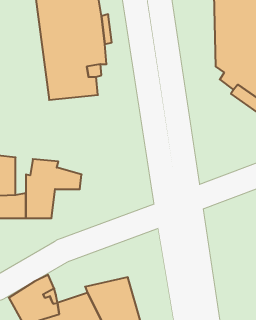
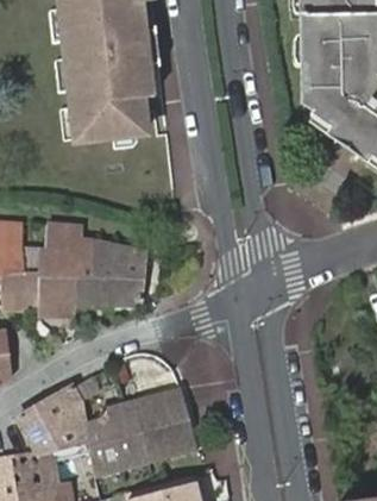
building: none -> [75,246,144,307]

